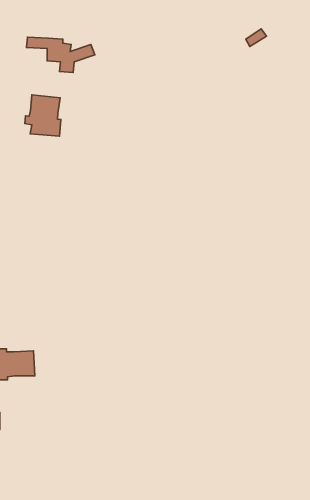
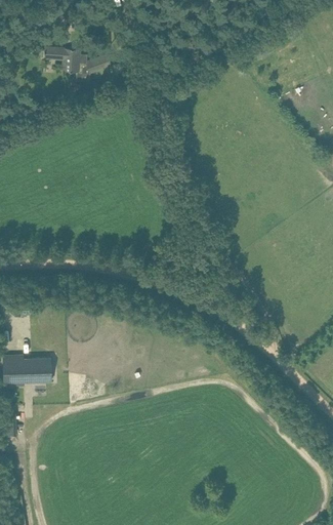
building: [25,95,61,136] -> none

